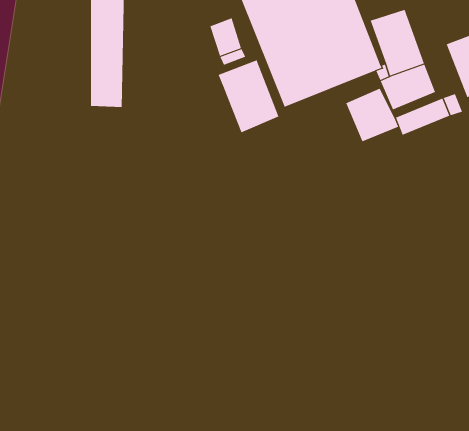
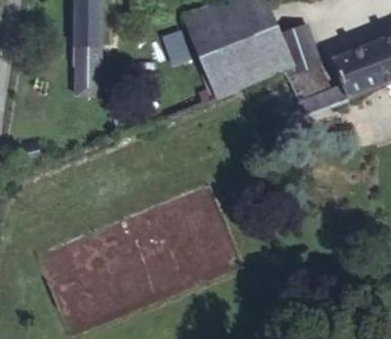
building: [218,59,279,133] -> none
building: [346,88,399,142] -> none

